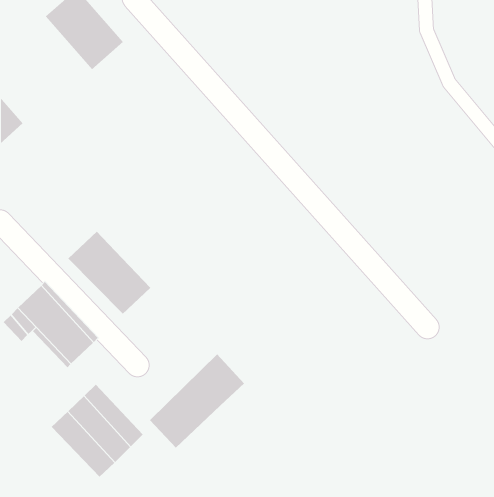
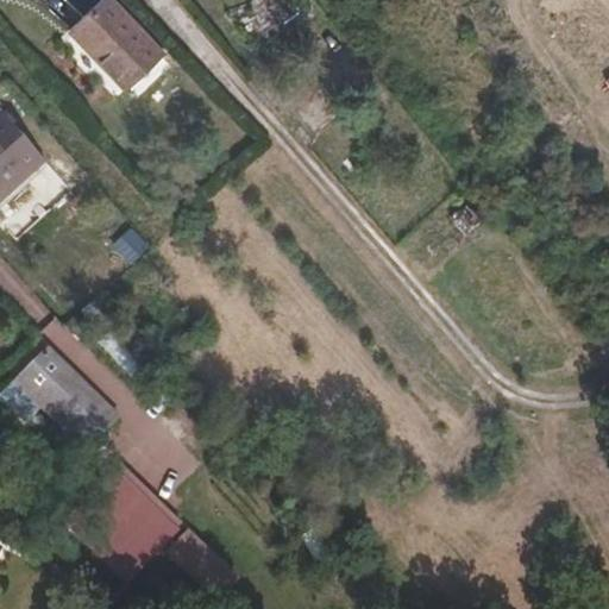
building: [68,231,151,314] -> none
building: [149,354,245,449] -> none

